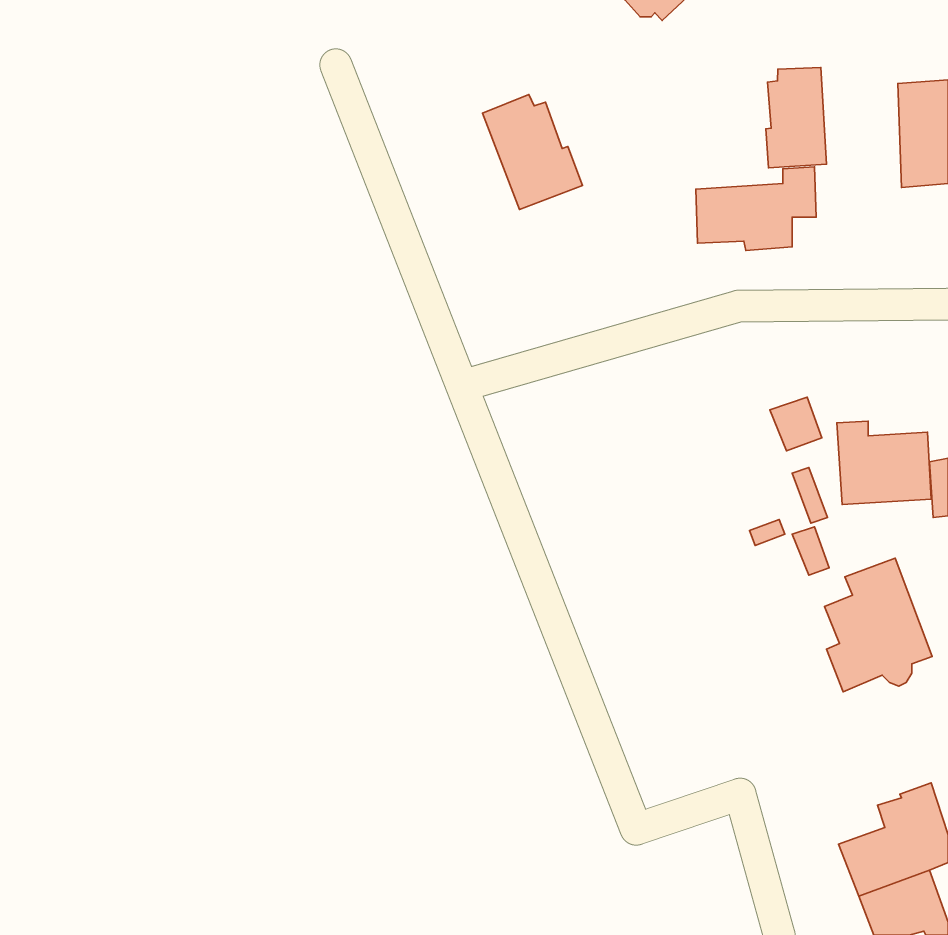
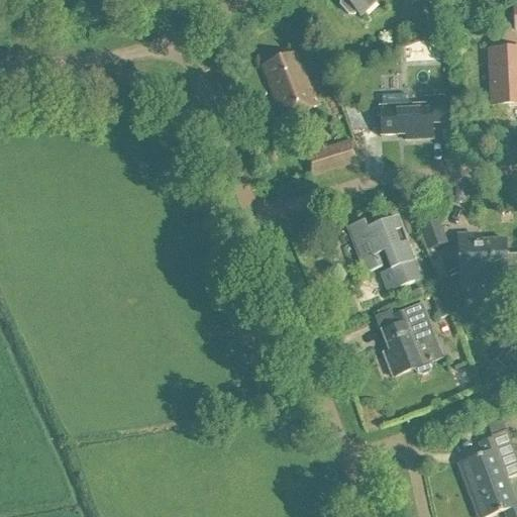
building: [766,67,827,168] -> none
building: none -> [306,137,356,170]
building: none -> [345,213,421,289]
building: [825,558,932,692] -> [382,301,440,374]

